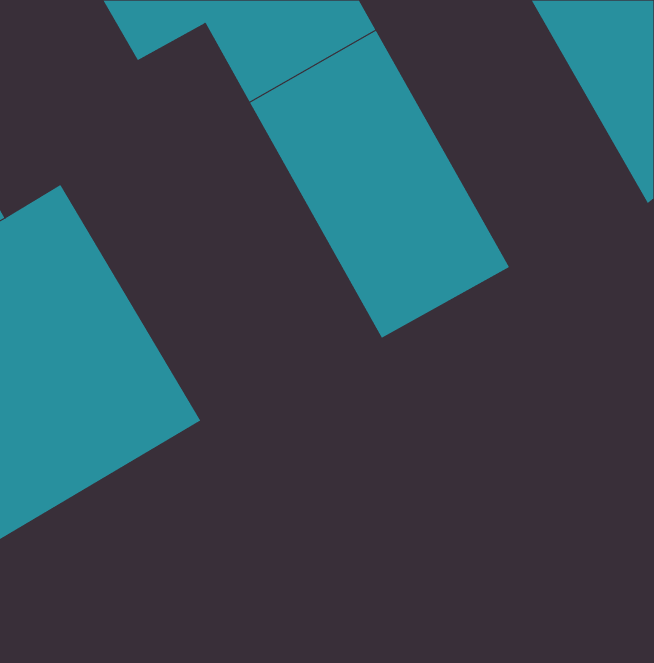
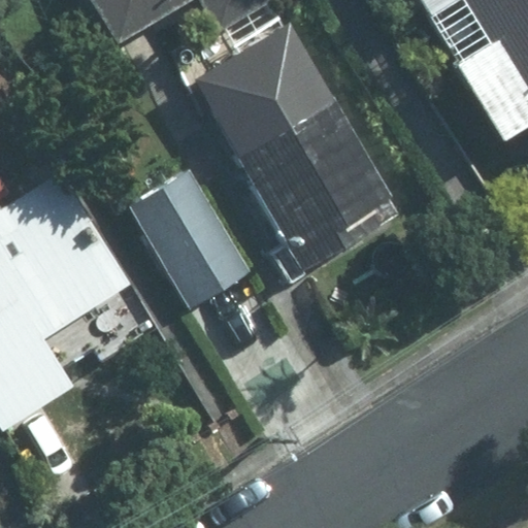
building: none -> [108,138,244,306]

